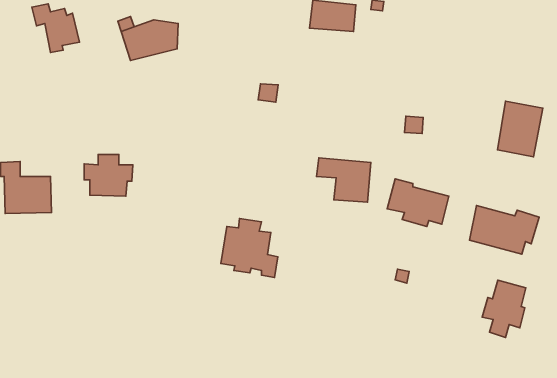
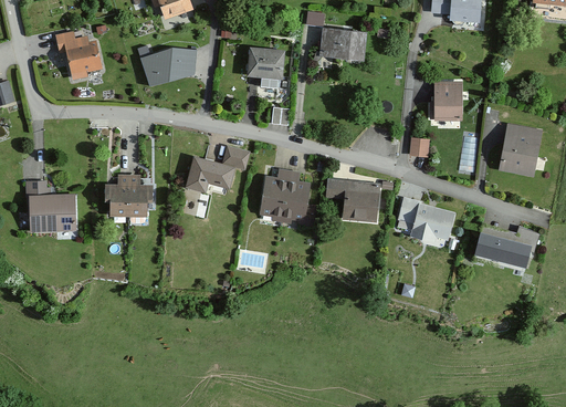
building: none -> [249,48,284,77]
building: none -> [431,81,462,119]
building: none -> [187,146,248,191]
building: [221,218,278,278] -> [262,169,316,226]
building: [482,280,526,337] -> none

